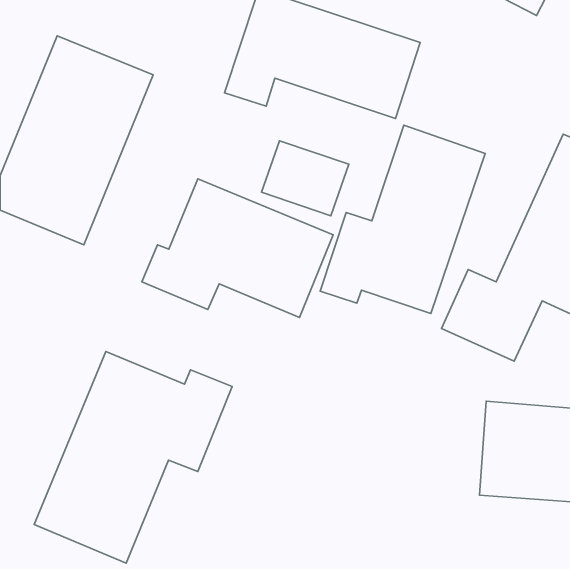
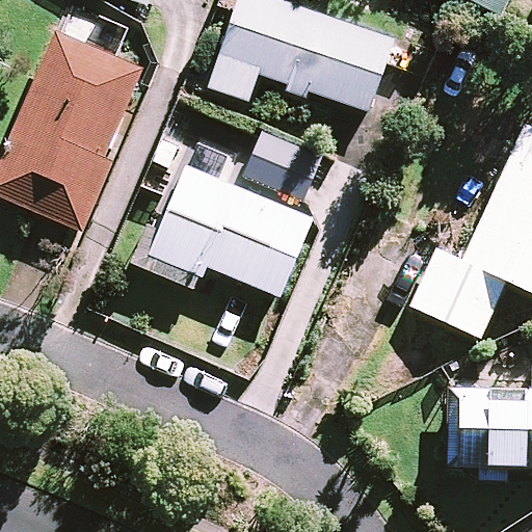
building: [320,125,485,314] -> none
building: [34,351,232,563] -> none

